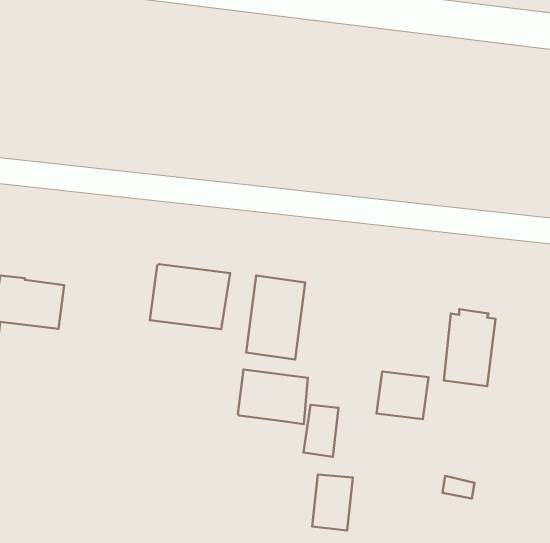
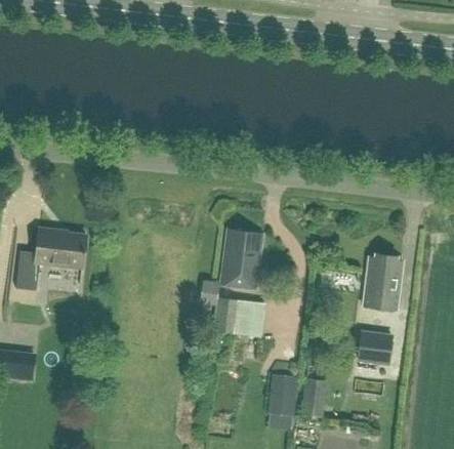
building: [150,264,230,329] -> none
building: [377,371,428,419] -> [355,330,393,365]
building: [303,405,338,457] -> [301,378,327,416]

